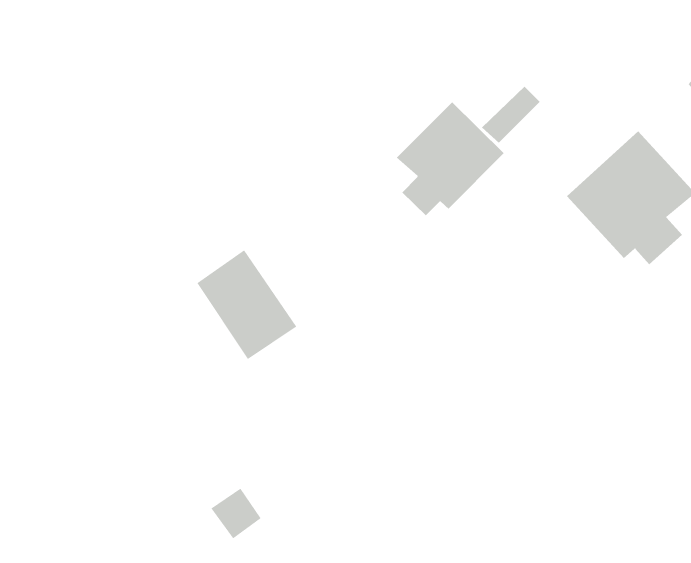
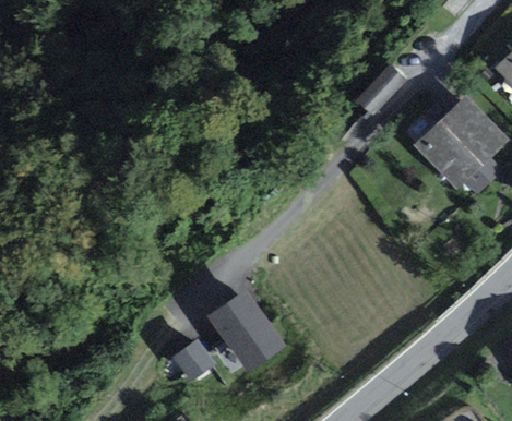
building: [396,101,505,216] -> none
building: [196,249,297,360] -> [211,292,279,368]

